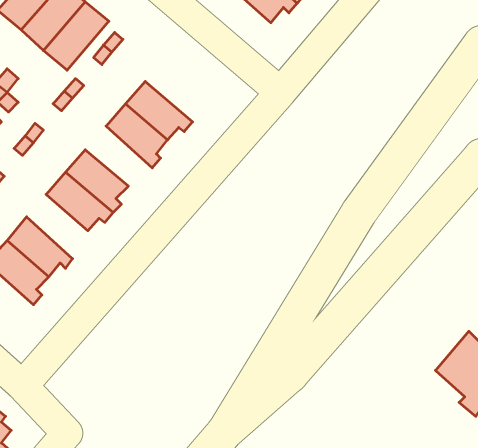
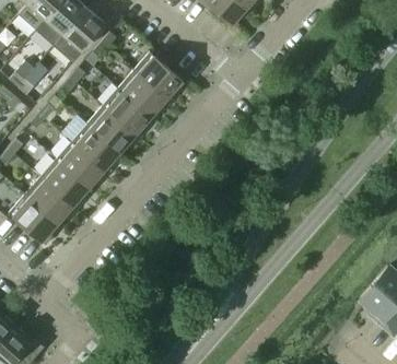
building: none -> [133,51,183,102]
building: none -> [86,105,139,152]
building: none -> [40,158,89,209]

